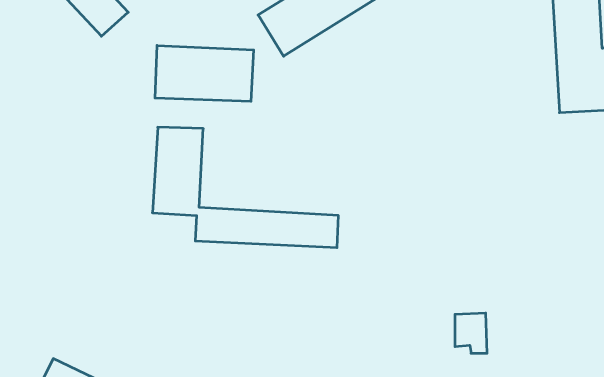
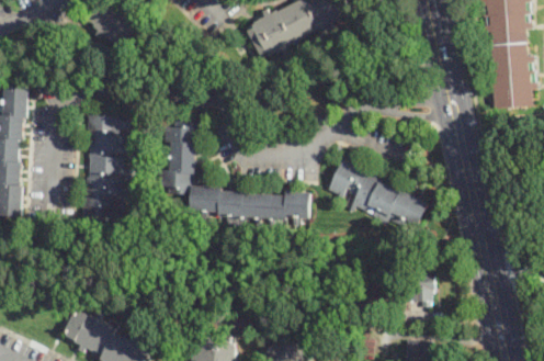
building: [155,45,254,101] -> none
building: none -> [82,115,125,223]
building: none -> [326,159,426,233]

